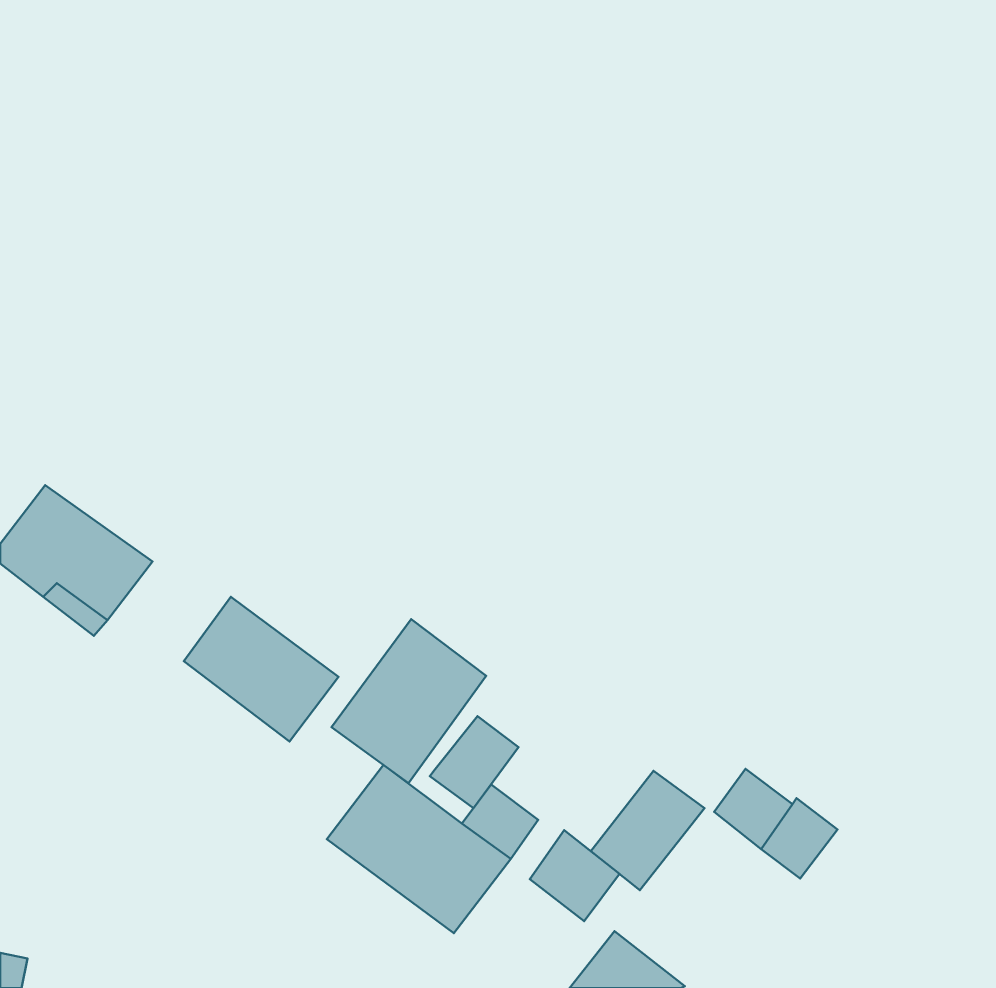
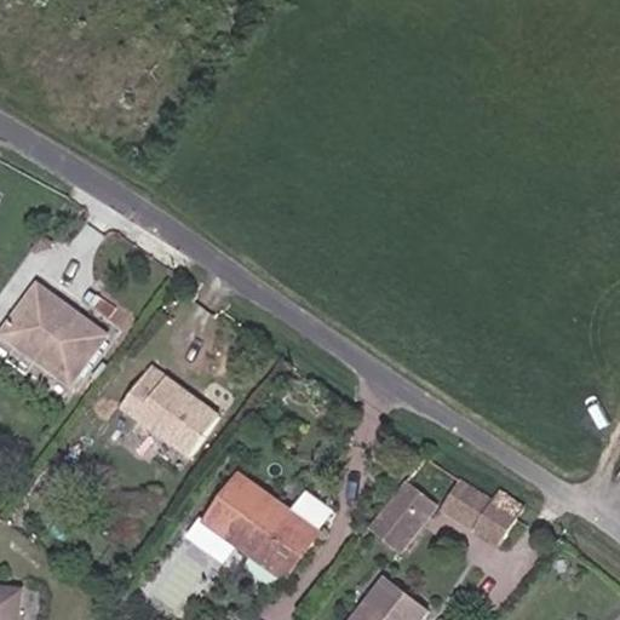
building: [332,619,486,783] -> none
building: [430,716,519,808] -> none
building: [530,830,620,921] -> none

